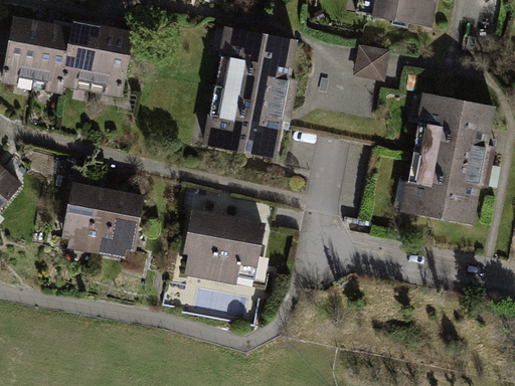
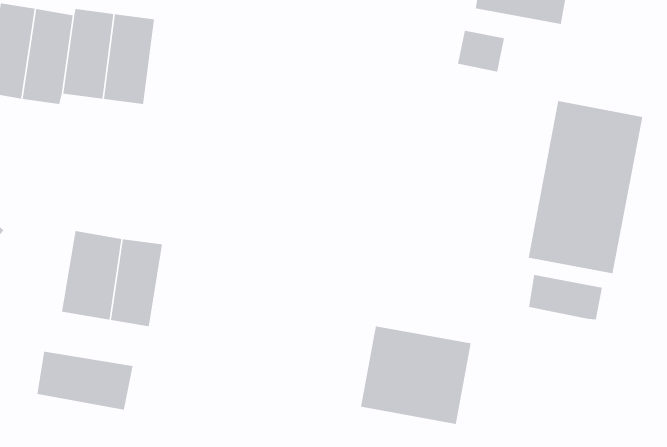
building: [206,27,297,157] -> none
building: [181,211,264,284] -> [360,326,471,425]
building: none -> [528,274,603,320]
building: none -> [37,351,133,410]

